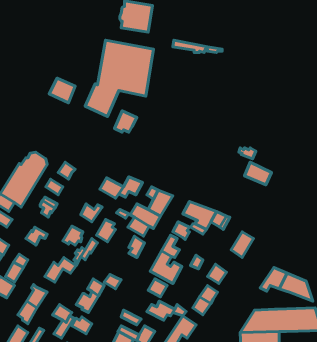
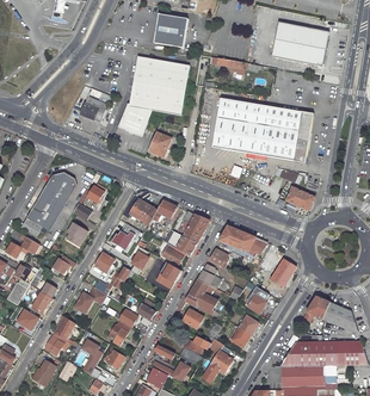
building: none -> [270,19,328,63]
building: none -> [211,97,310,161]

